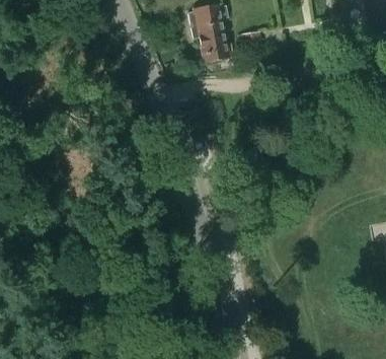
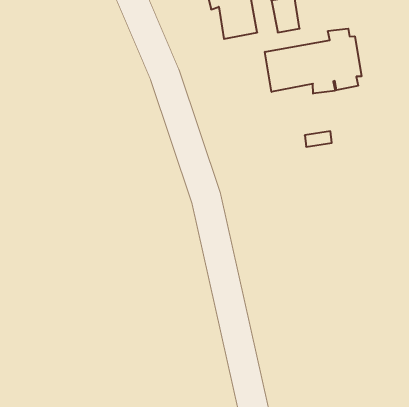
building: none -> [265,29,361,94]

